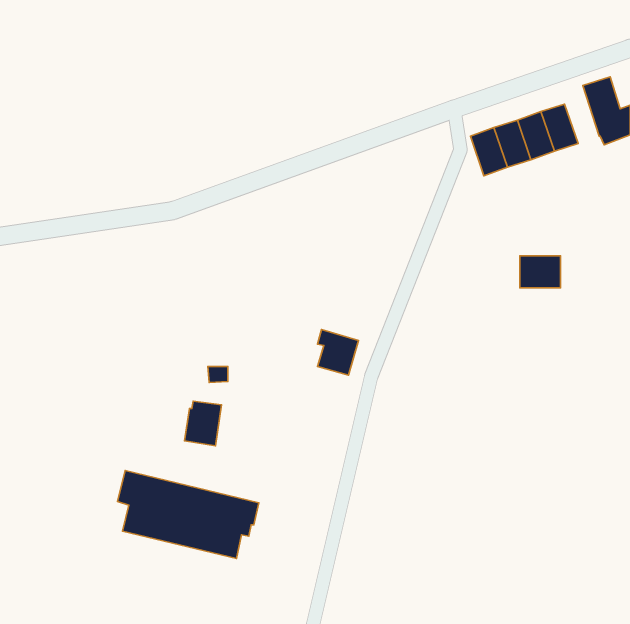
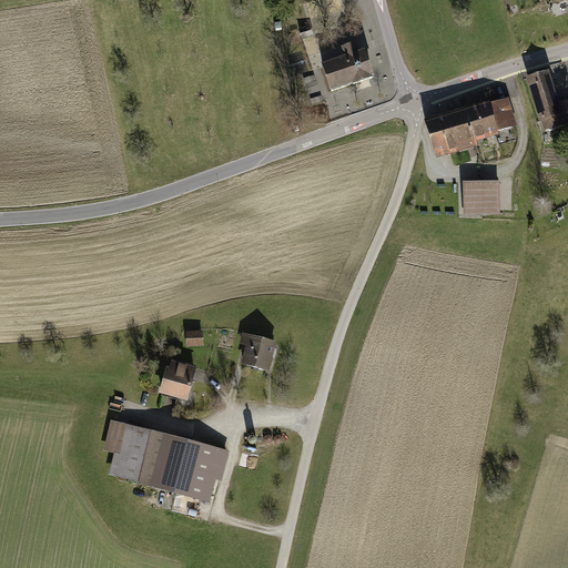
building: none -> [321,38,371,83]
building: [520,256,561,288] -> [460,180,497,209]
building: [318,329,359,375] -> [242,331,278,372]

